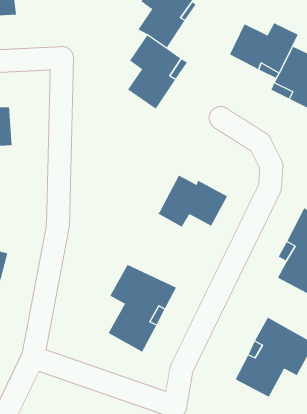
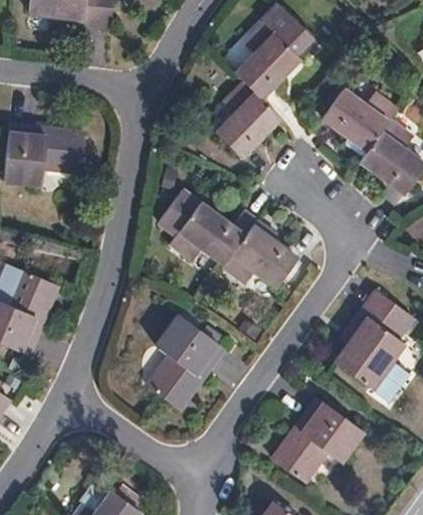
building: none -> [156,190,257,268]

